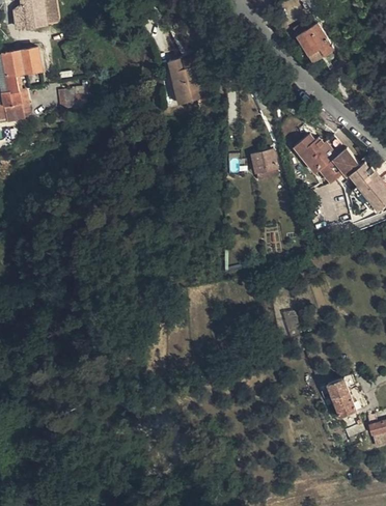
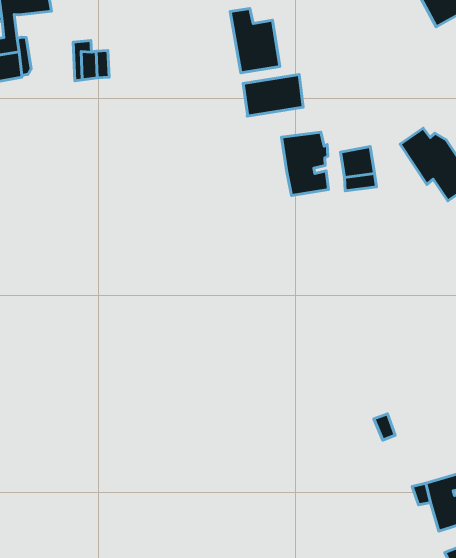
building: none -> [243,74,303,116]
building: none -> [282,132,329,195]

